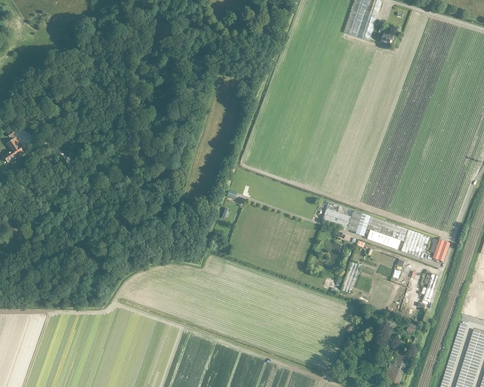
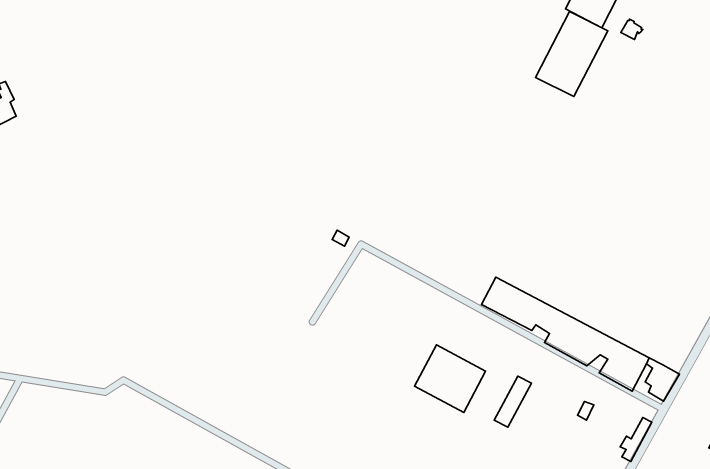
building: none -> [536,11,608,97]
building: none -> [415,345,485,412]

